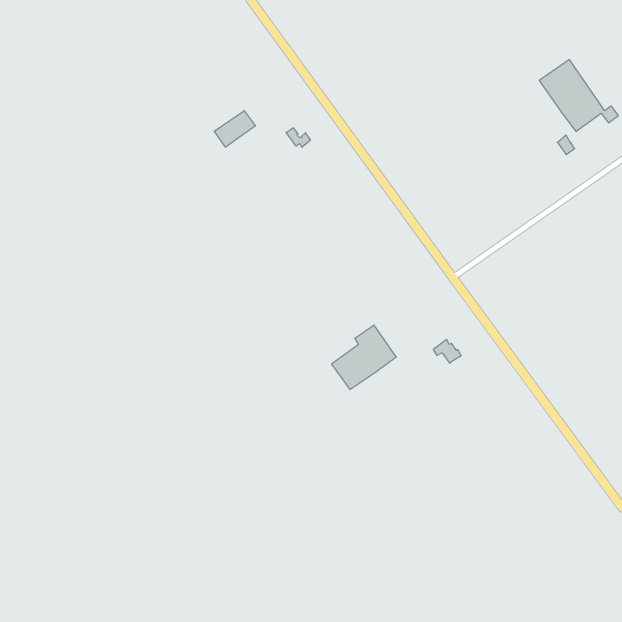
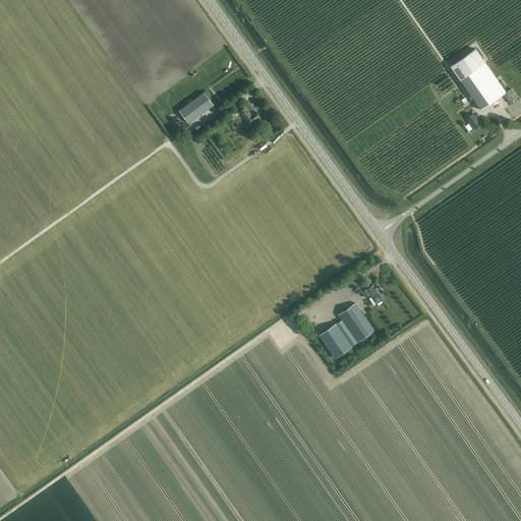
building: [332,325,396,390] -> [320,303,373,357]

